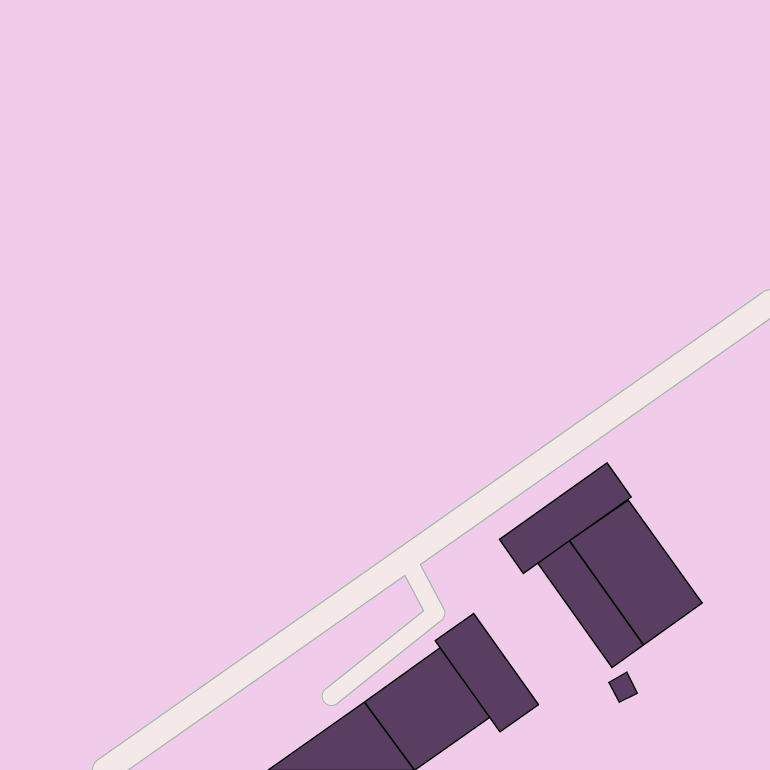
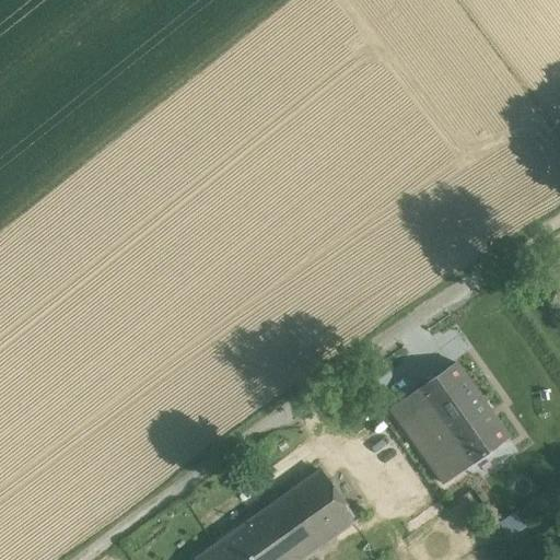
building: [499,463,631,574] -> none
building: [435,613,538,732] -> none

